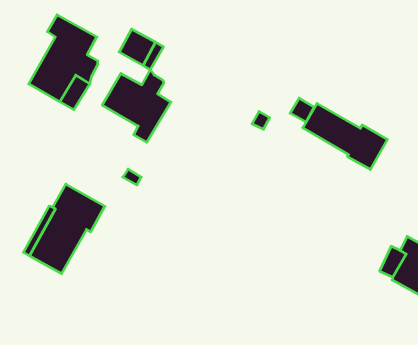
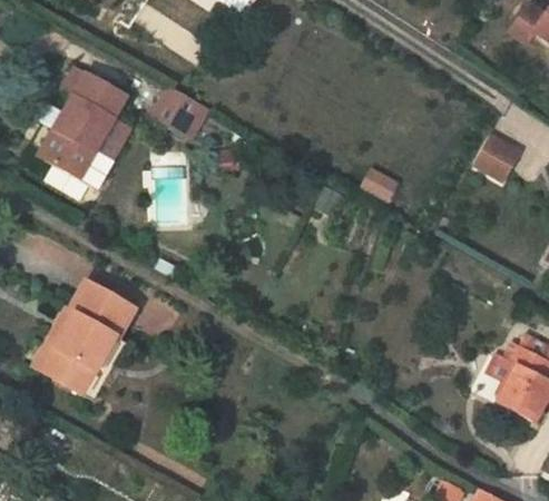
building: none -> [472,134,518,179]
building: [102,70,171,142] -> none
building: [303,103,387,170] -> none

